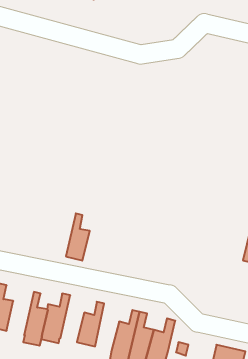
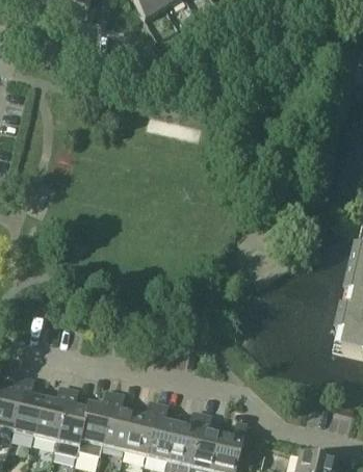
building: [66,213,90,261] -> [103,390,133,449]
building: none -> [35,384,70,440]
building: none -> [147,400,177,460]

